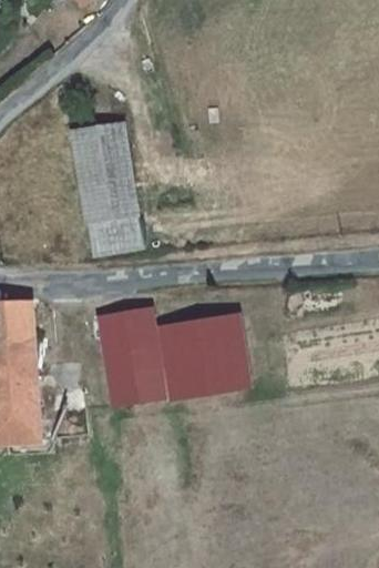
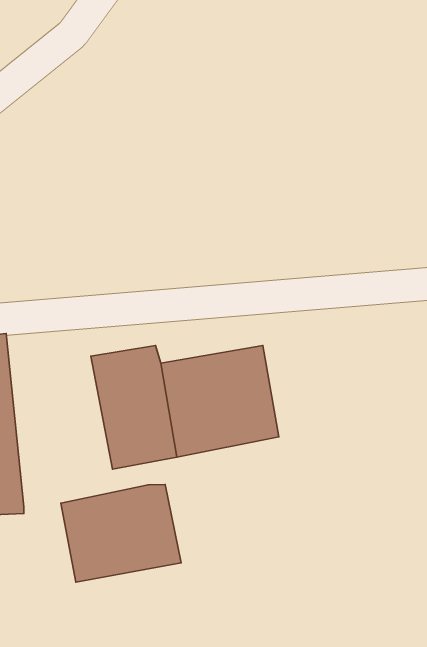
building: [73,126,147,252] -> none
building: none -> [61,484,181,582]

